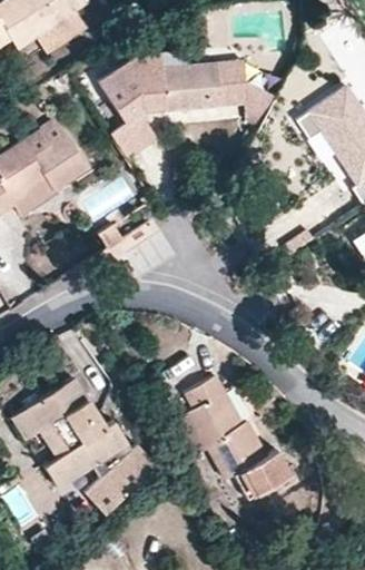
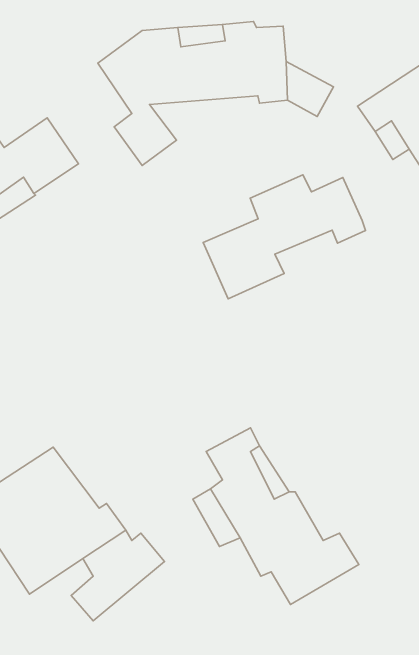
building: none -> [203,175,366,299]

